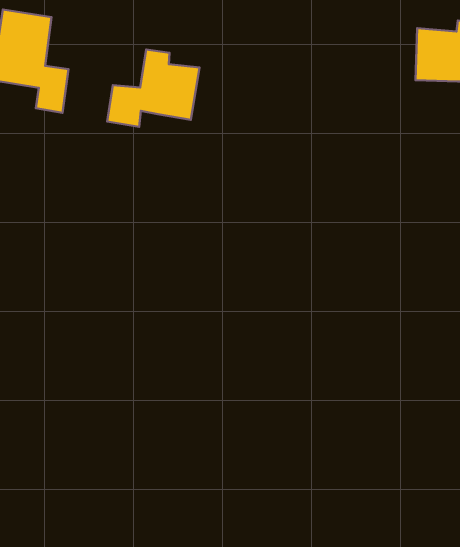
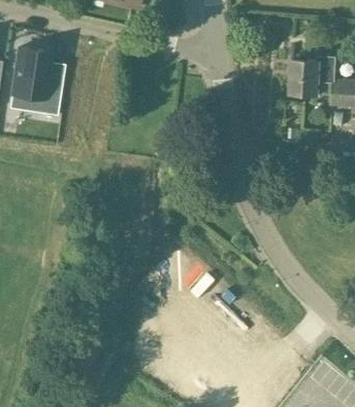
building: [107,50,200,127] -> none

